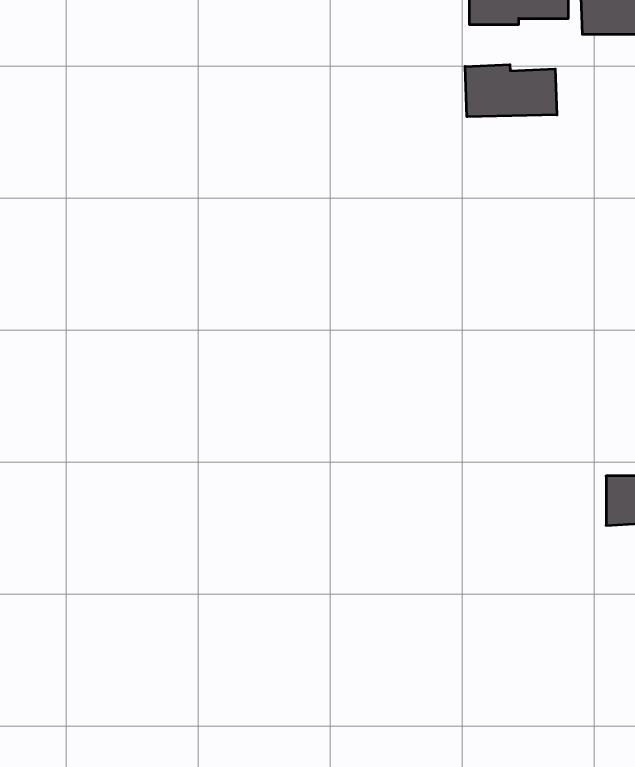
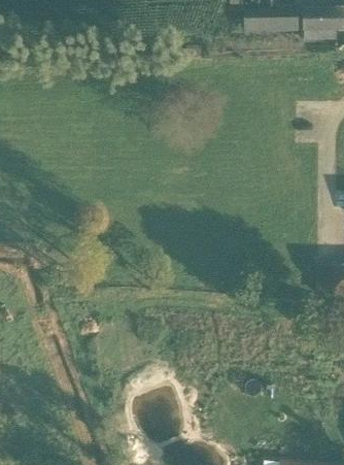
building: [465,65,557,117] -> none

